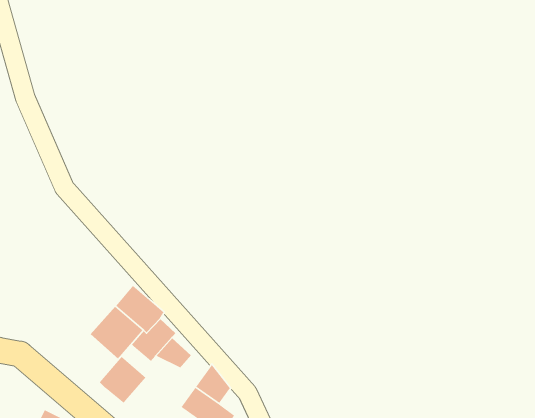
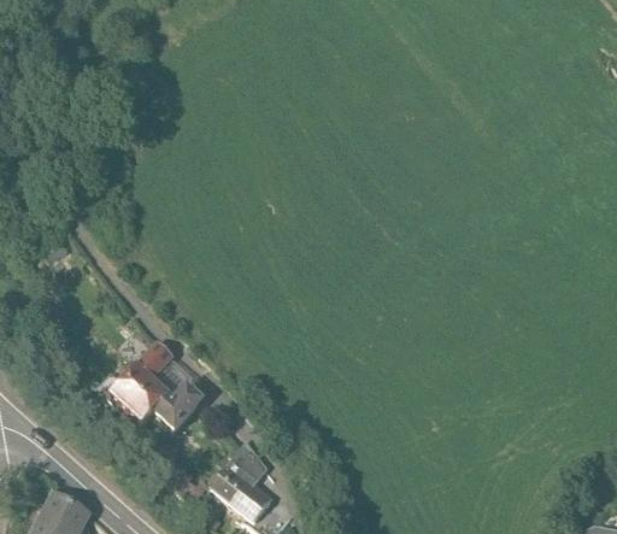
building: [156,338,192,369] -> none
building: [99,356,147,404] -> none

